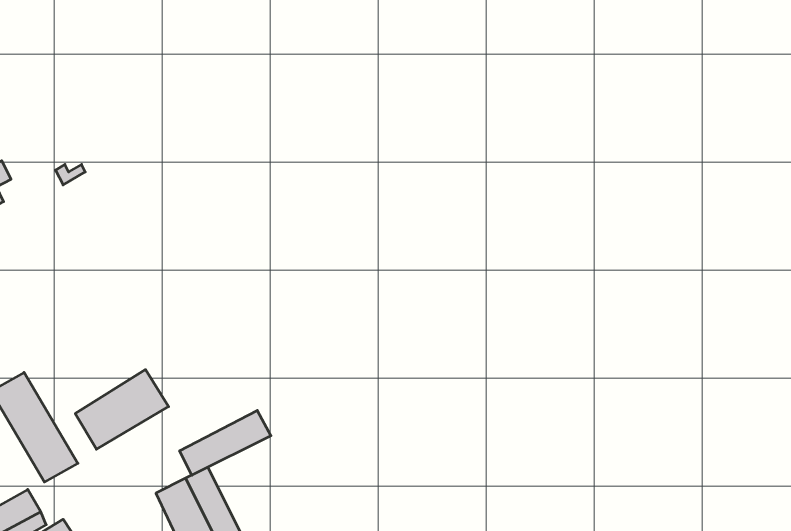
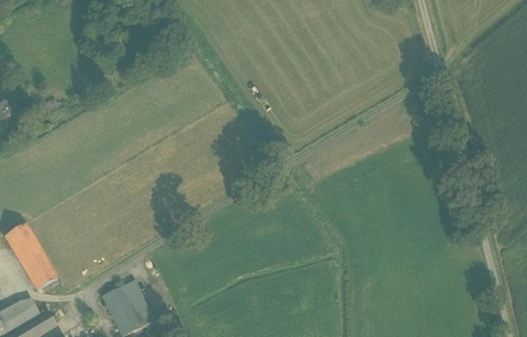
building: [75,370,169,449] -> none
building: [180,410,271,475] -> none

